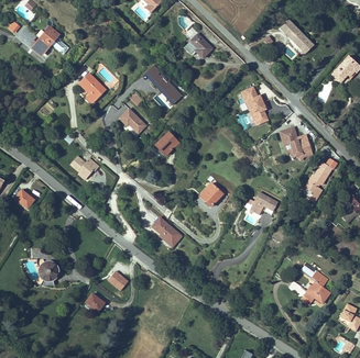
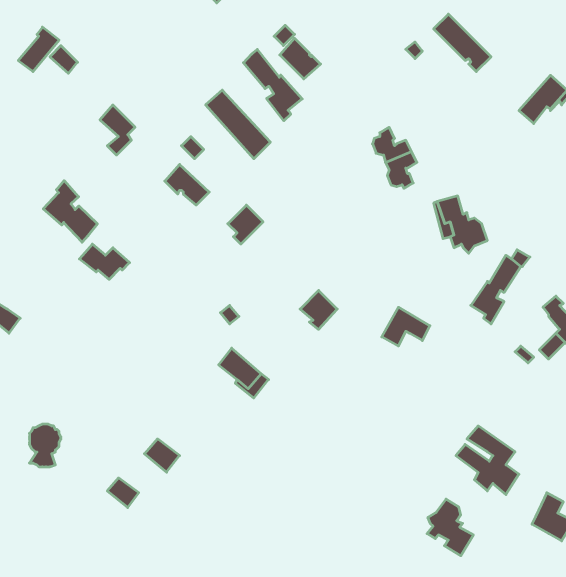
building: none -> [243,49,302,121]
building: none -> [43,181,97,242]
building: none -> [427,499,473,556]

